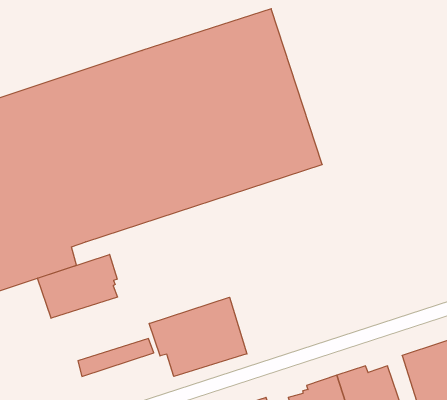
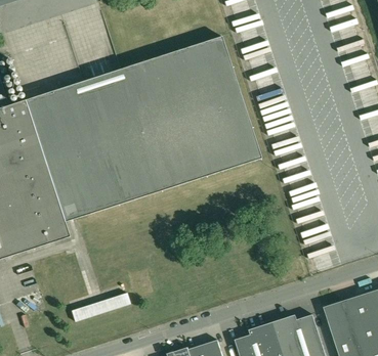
building: [38,254,118,318] -> none
building: [149,297,247,376] -> none

